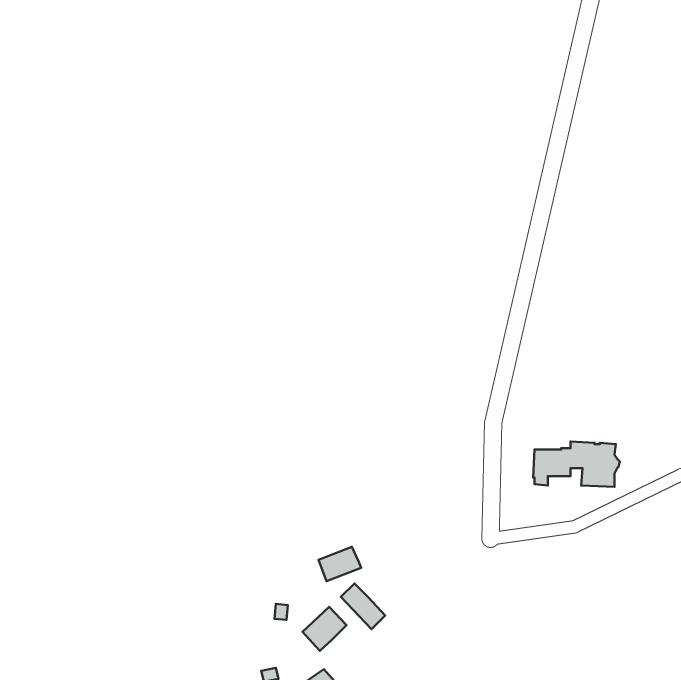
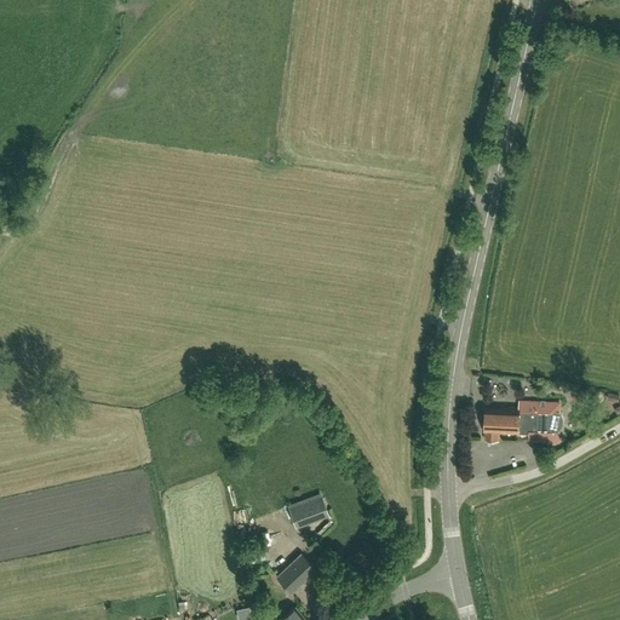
building: [341,583,385,629] -> none

